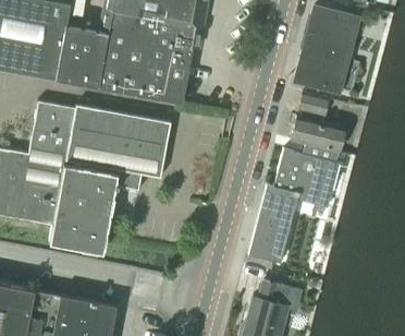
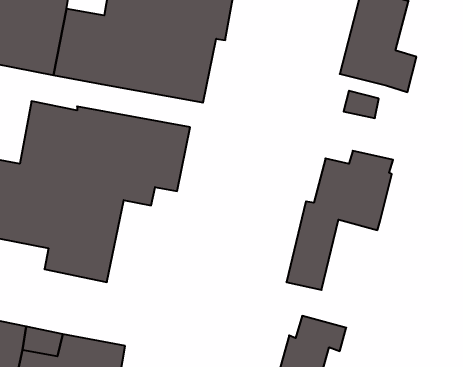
building: [291,116,345,151] -> none

